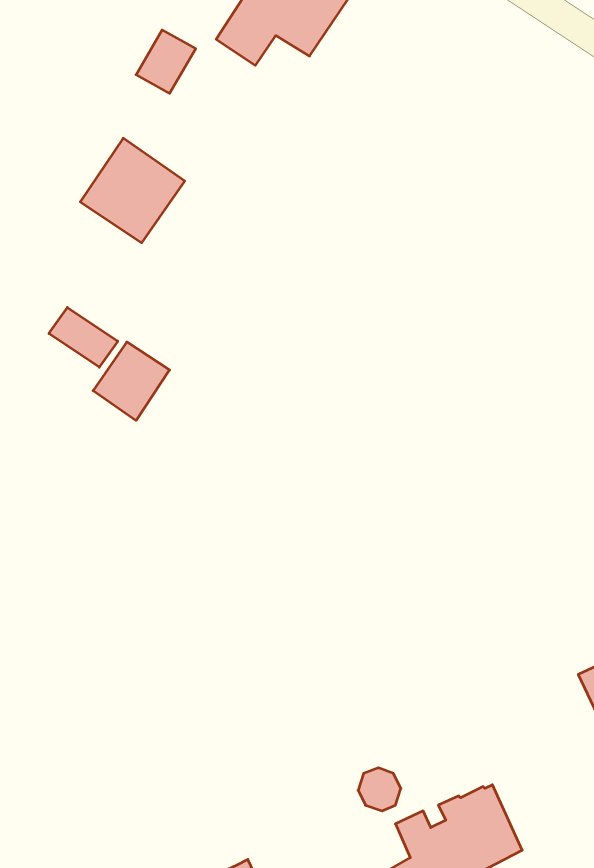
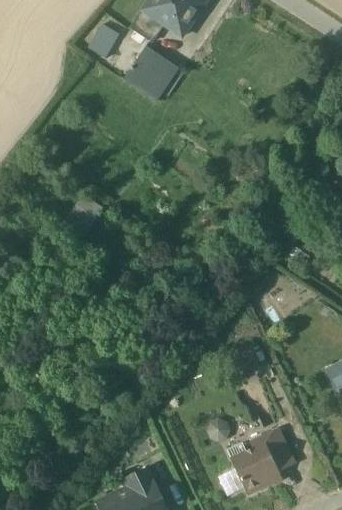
building: [80,138,185,243] -> [123,45,179,101]
building: [49,307,118,367] -> none

